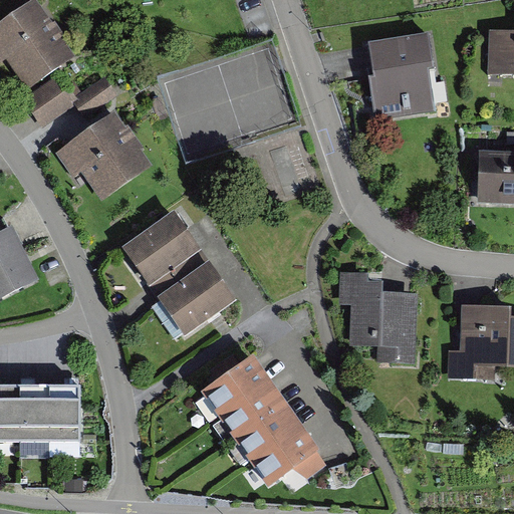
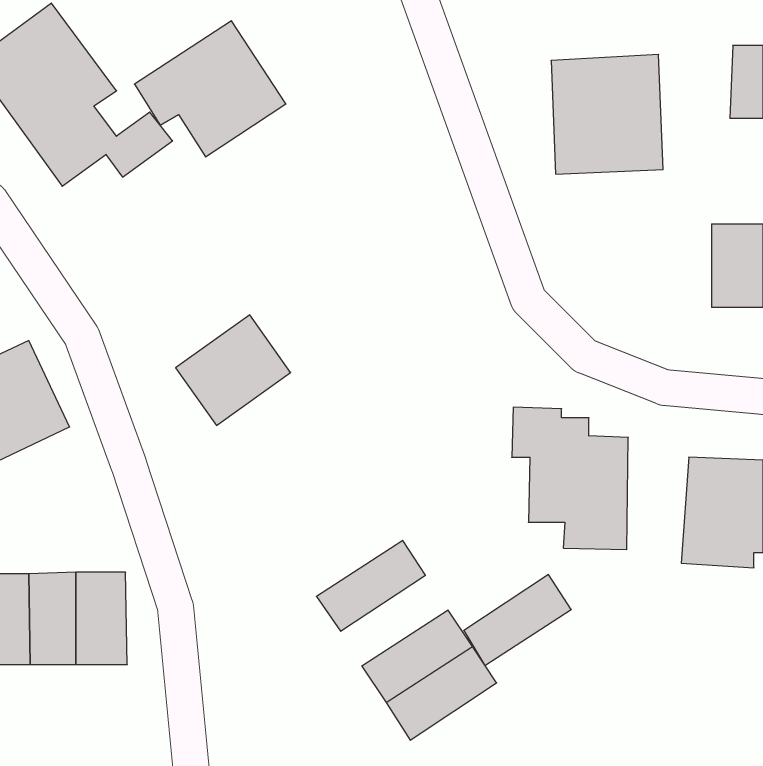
building: [58,107,159,198] -> [134,21,286,157]
building: [152,260,230,334] -> none
building: [226,381,297,442] -> [464,575,571,665]

